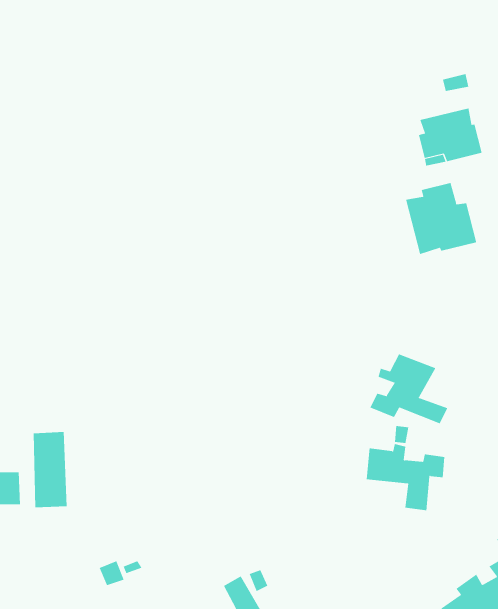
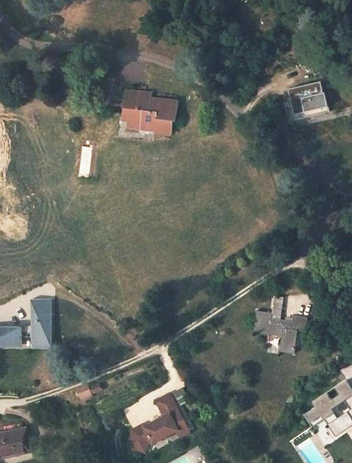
building: none -> [122,90,178,134]
building: [405,182,477,255] -> none
building: [370,354,448,424] -> none

